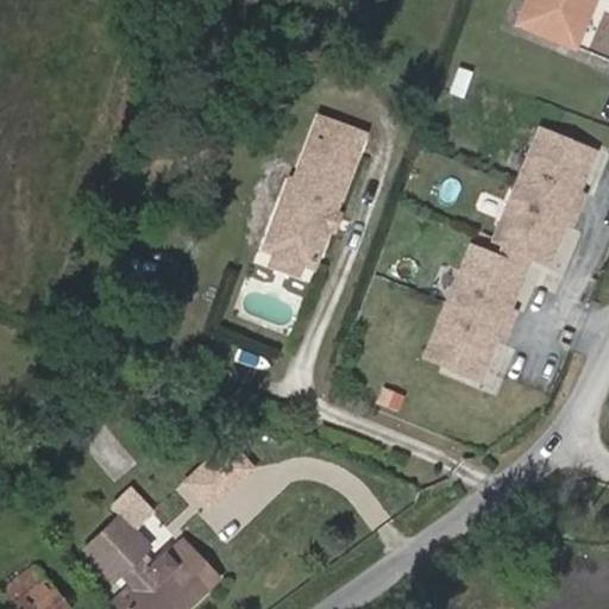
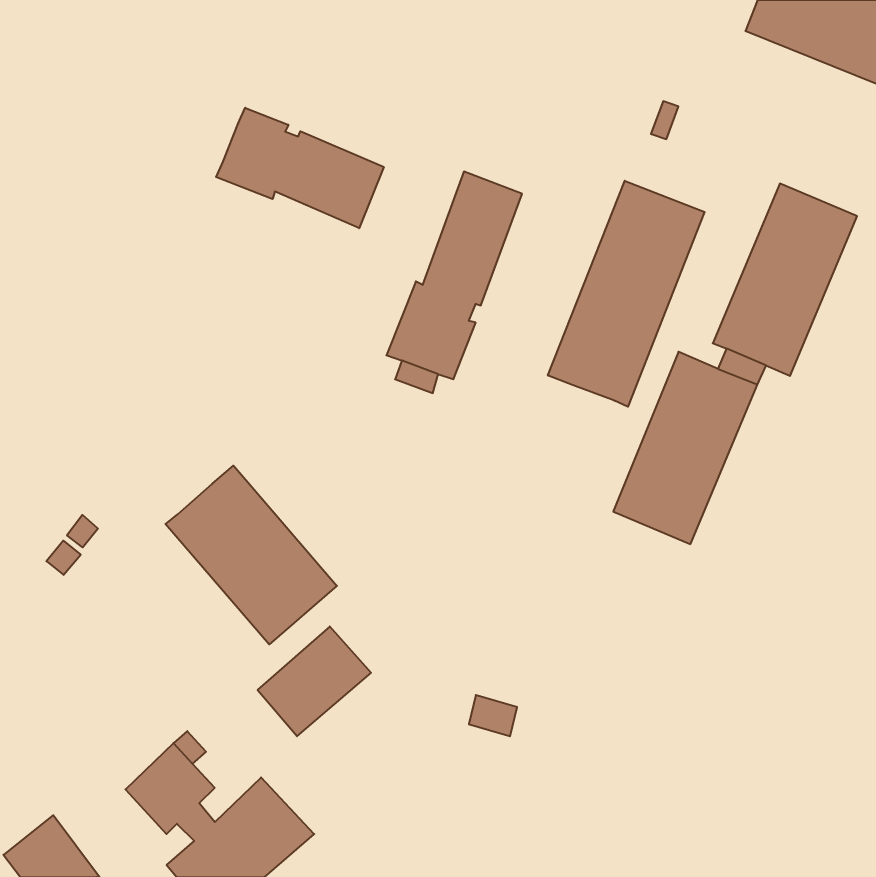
building: none -> [216,108,384,228]
building: none -> [548,181,705,407]
building: none -> [165,466,337,644]

